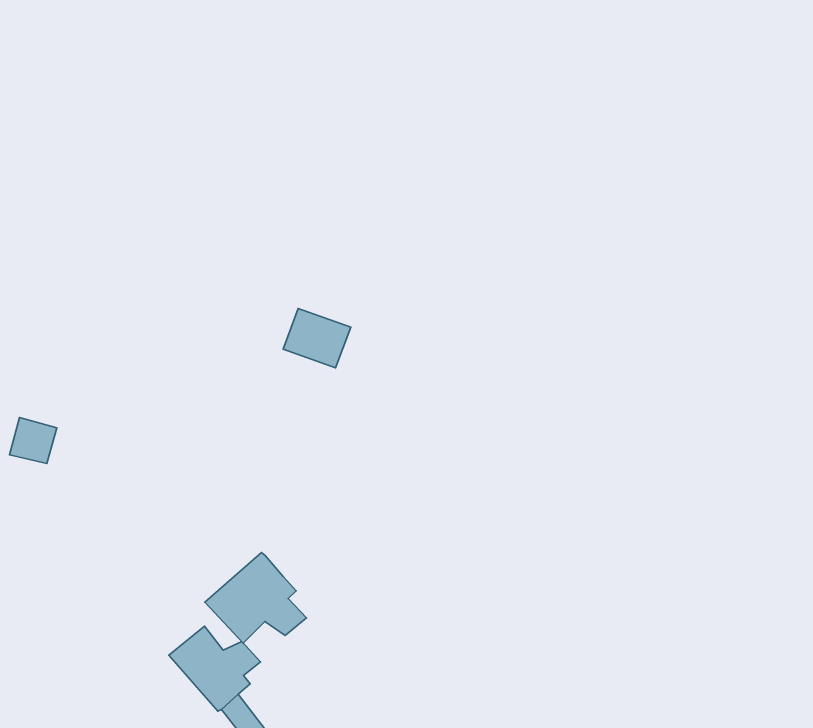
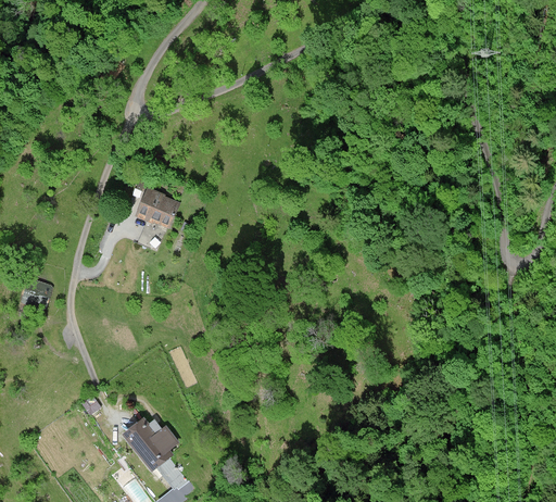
building: [283,308,351,368] -> [136,189,179,227]
building: [205,553,307,643] -> none

